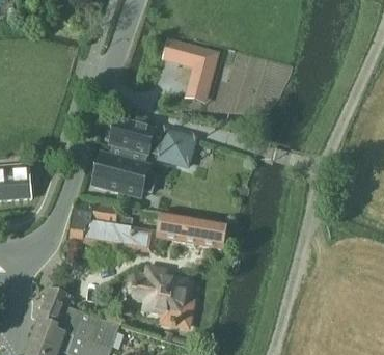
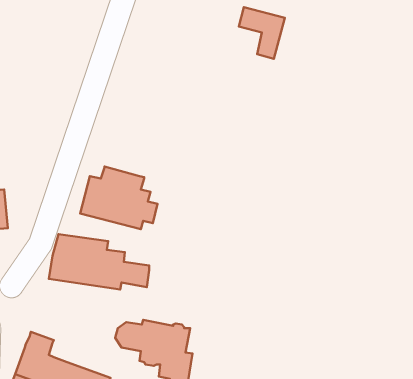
building: [179,43,218,87] -> [239,7,285,59]
building: [109,115,198,167] -> none
building: [155,212,225,250] -> none

